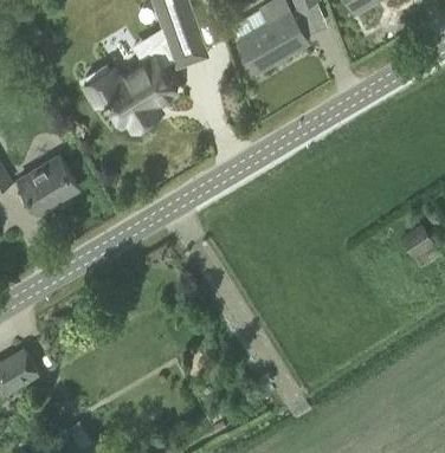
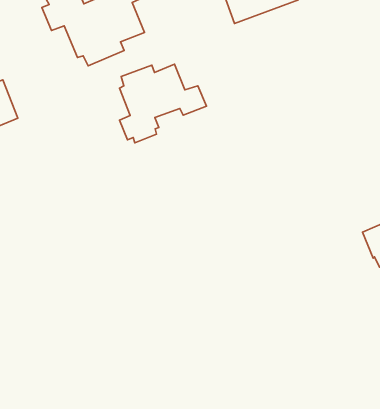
building: none -> [120,64,206,143]

